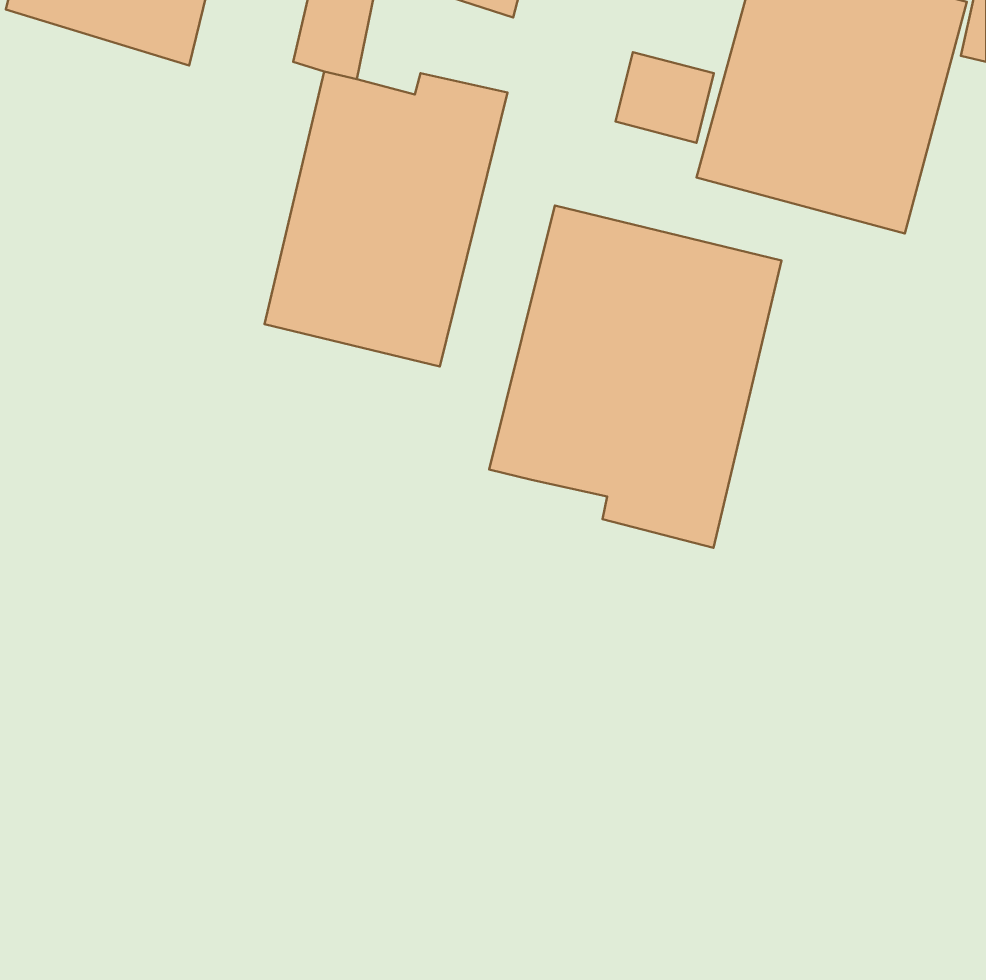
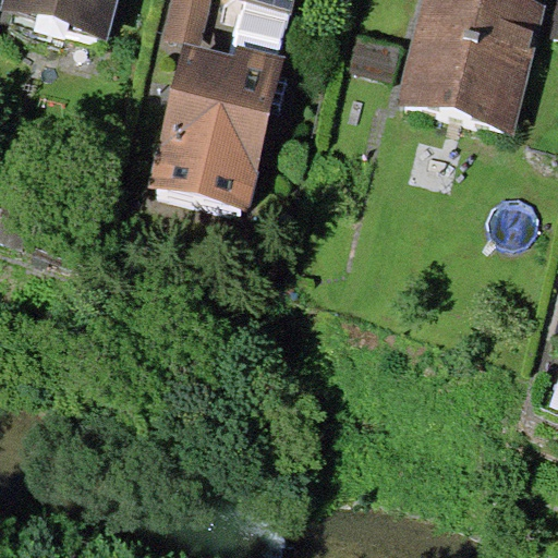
building: [489,206,781,548] -> none

